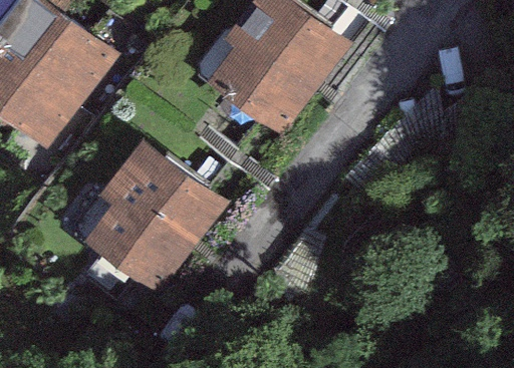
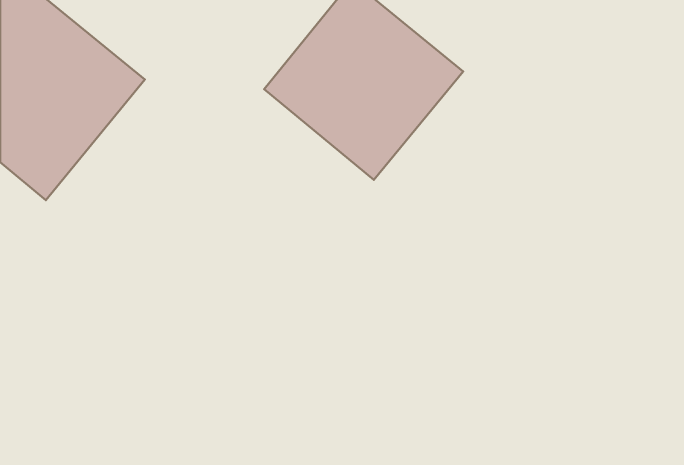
building: [78,136,226,283] -> none

